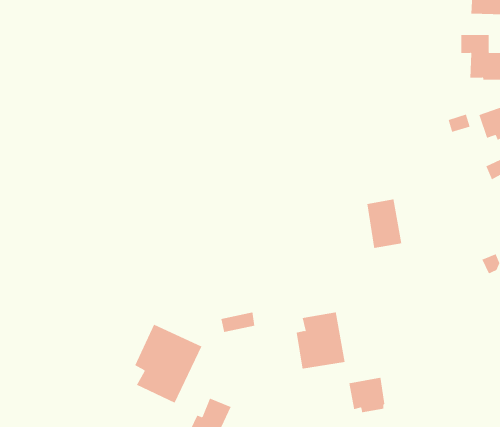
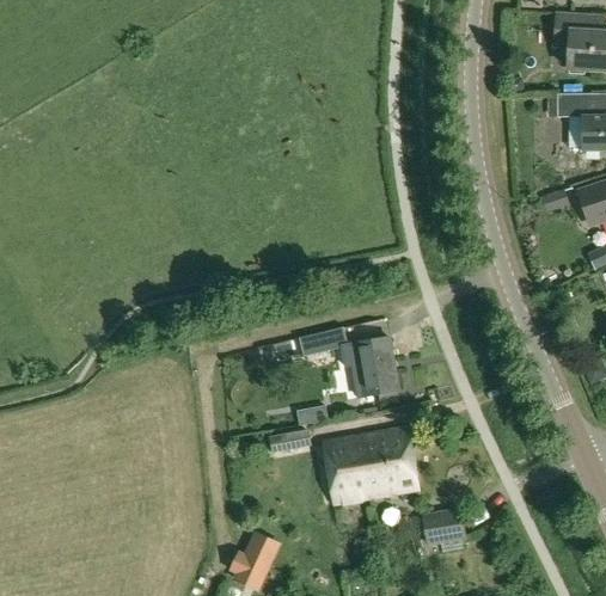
building: [366,199,402,248] -> [355,337,398,397]
building: none -> [300,326,348,355]
building: none -> [324,435,369,503]
building: [134,324,202,403] -> none

